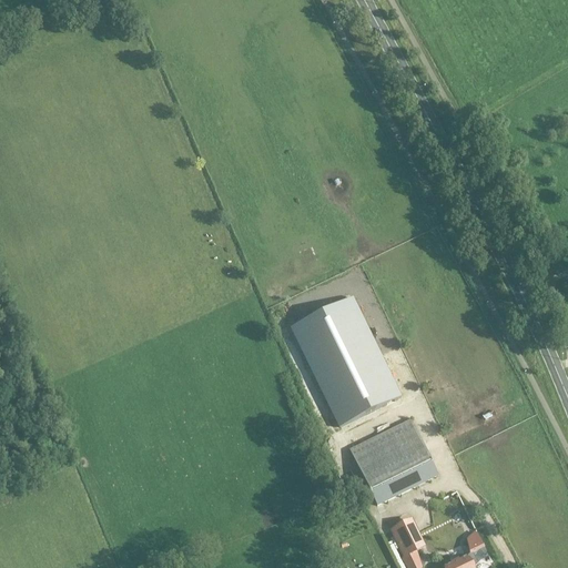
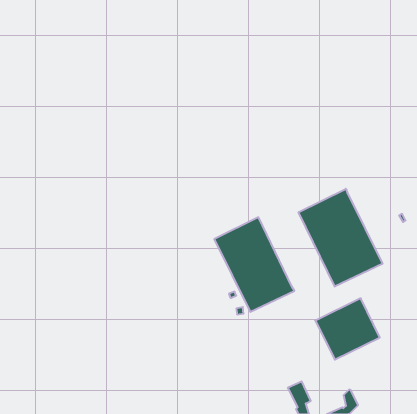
building: none -> [299,189,382,287]
building: [349,419,437,503] -> [315,298,380,360]

